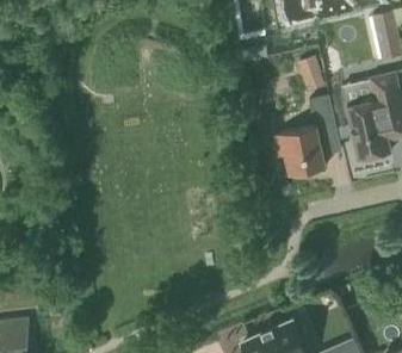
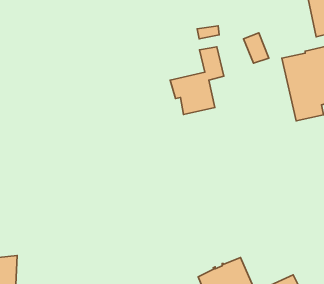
building: [273,94,336,174] -> [170,47,224,115]

